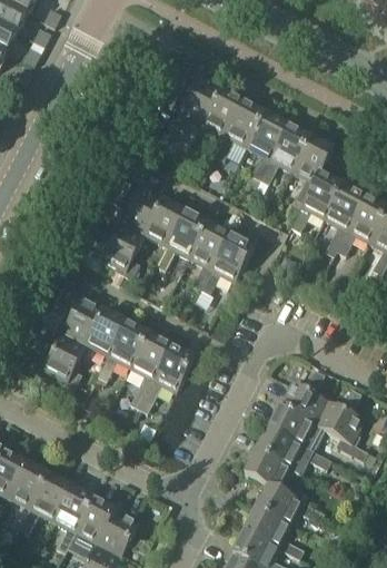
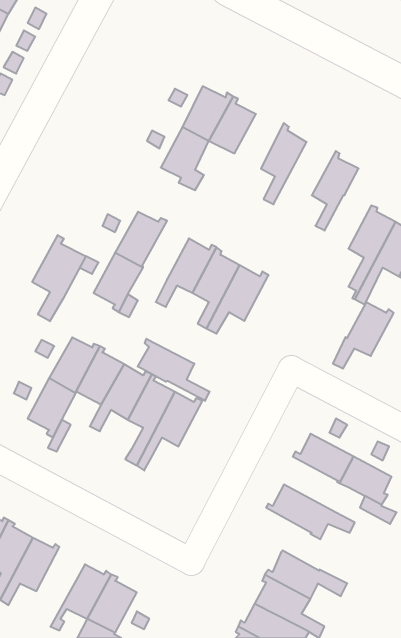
building: [214,100,268,159] -> none
building: [259,125,314,184] -> none
building: [291,172,345,229] -> [333,303,394,369]
building: [143,194,185,245] -> none
building: none -> [32,235,86,321]
building: none -> [138,339,210,401]
building: [268,401,325,450] -> none
building: [244,445,304,501] -> none
building: [51,480,93,550] -> none

